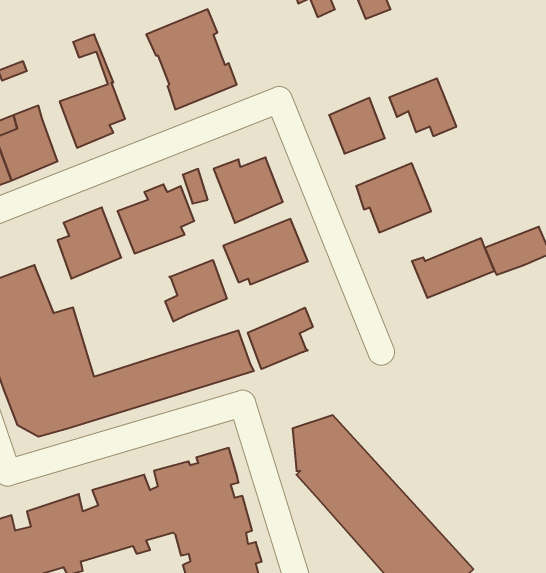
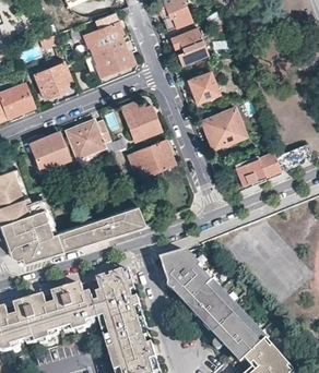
building: [389,78,456,136] -> [170,28,209,61]
building: [165,260,227,322] -> none
building: [248,308,313,369] -> none

